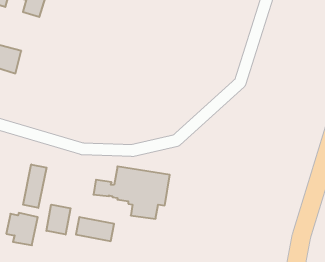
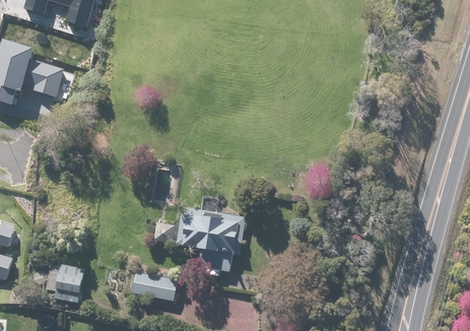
building: [23,164,47,208] -> none
building: [46,205,71,235] -> none

